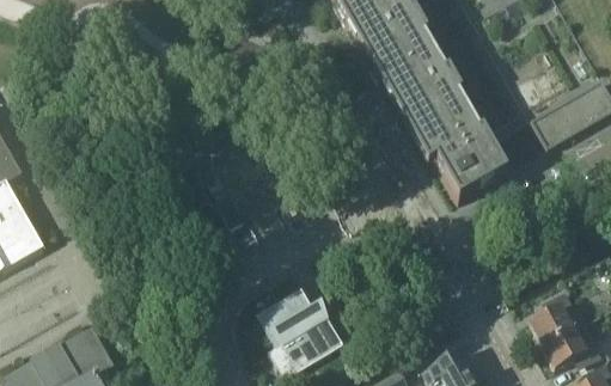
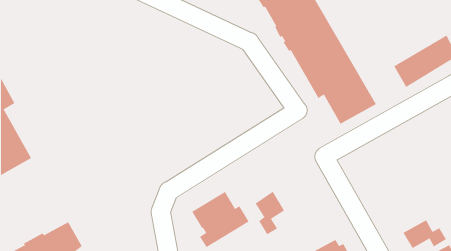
building: none -> [255,191,285,235]
building: [531,289,576,345] -> none

